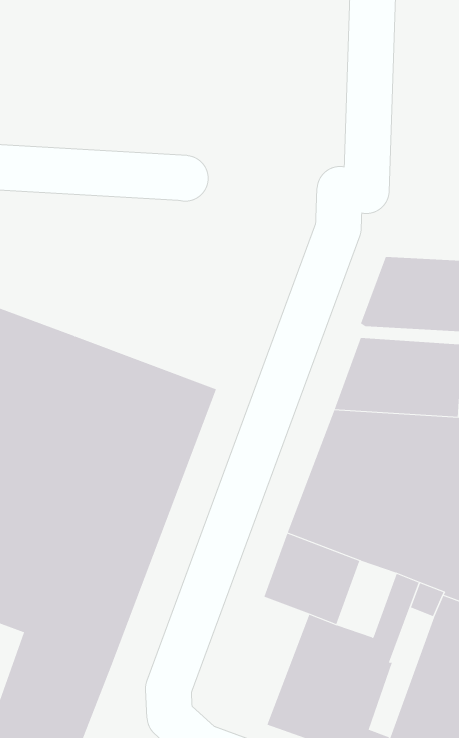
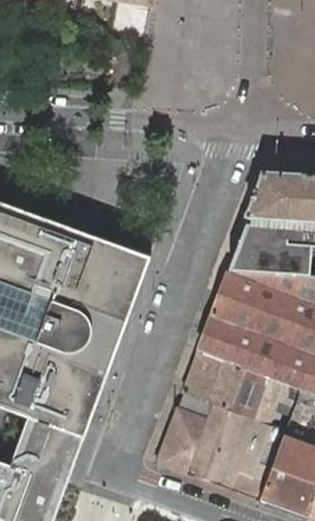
building: none -> [230,369,268,419]
building: none -> [154,393,211,476]

